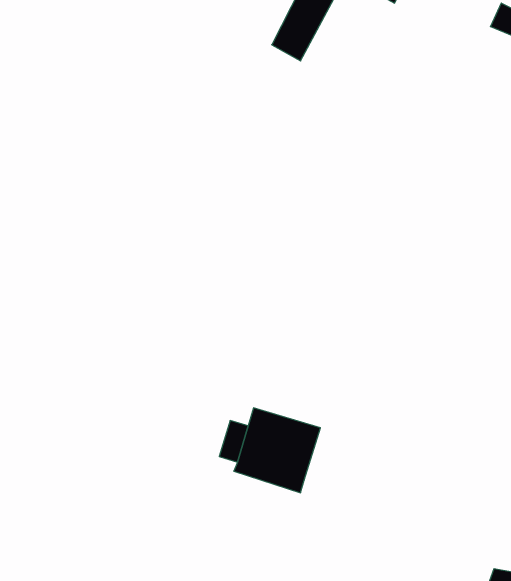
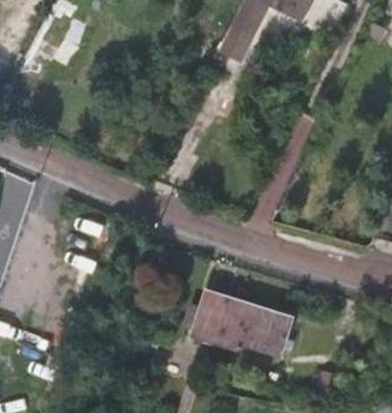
building: none -> [240,305,293,353]

